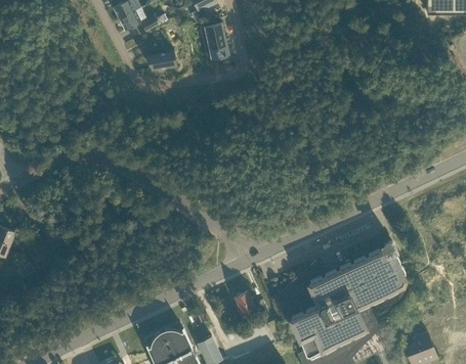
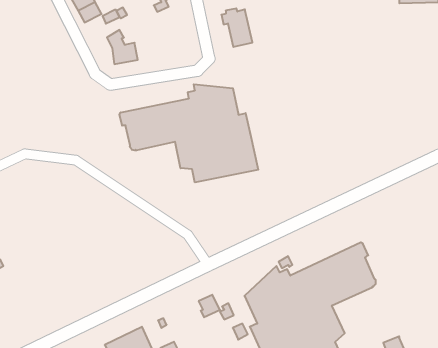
building: [200,22,229,59] -> [221,8,252,47]
building: none -> [120,84,258,182]

